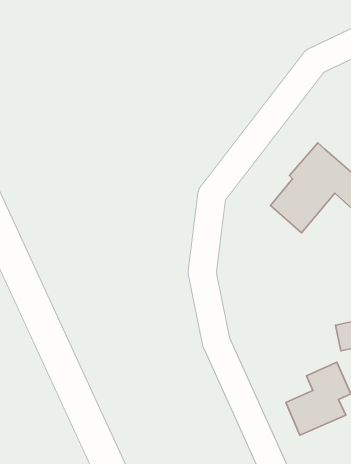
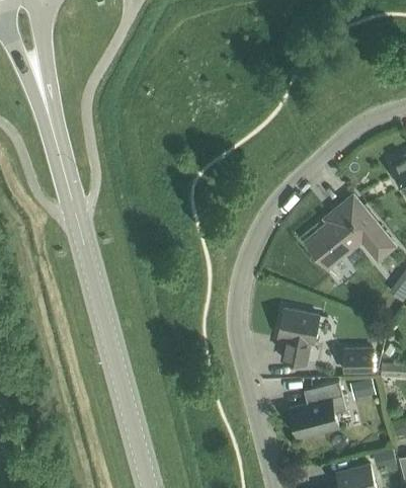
building: none -> [277,309,318,364]

